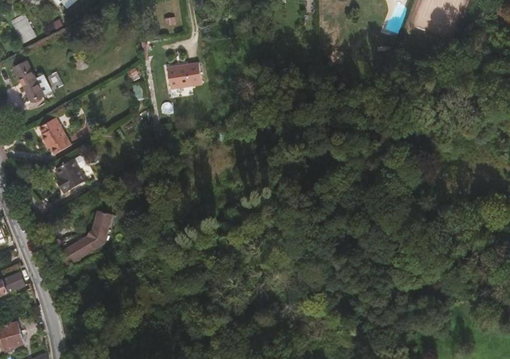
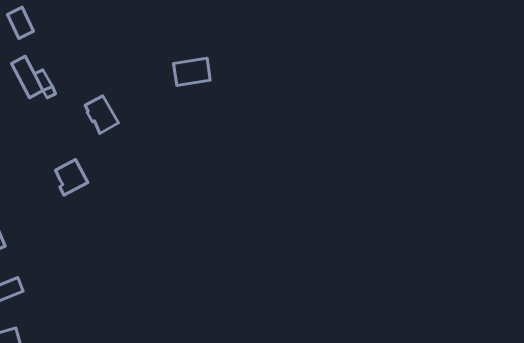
building: [39,119,71,155] -> [85,96,119,133]
building: [58,209,111,264] -> none

